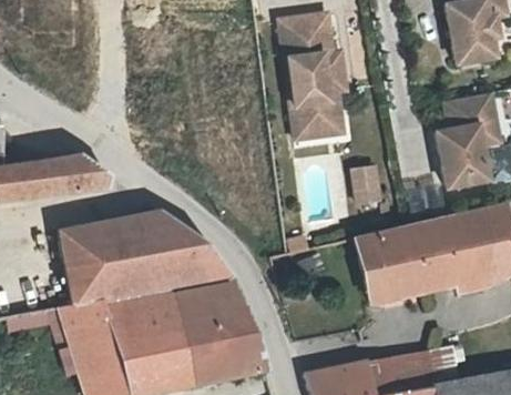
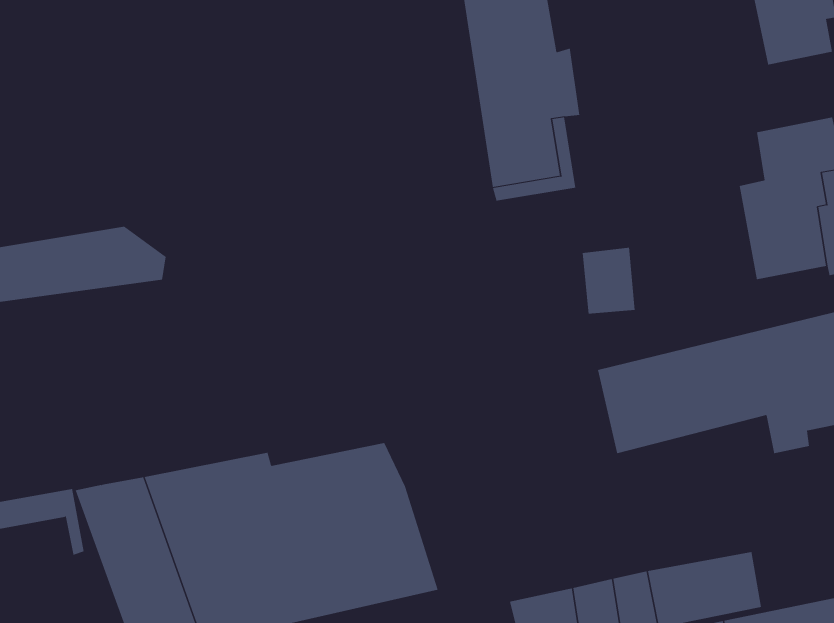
building: [60,212,232,305] -> none
building: [369,265,460,305] -> none

